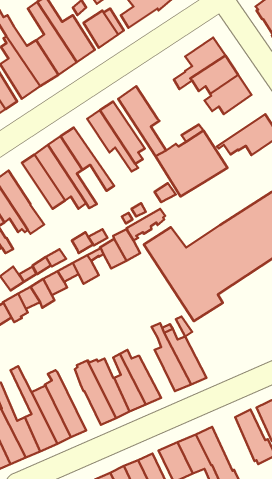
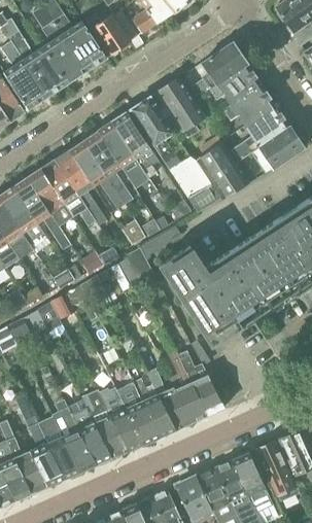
building: none -> [149,75,204,136]
building: none -> [231,104,287,160]
building: none -> [82,130,132,202]
building: none -> [12,177,71,250]
building: none -> [138,350,190,429]
building: none -> [65,397,111,464]
building: none -> [231,452,272,512]

